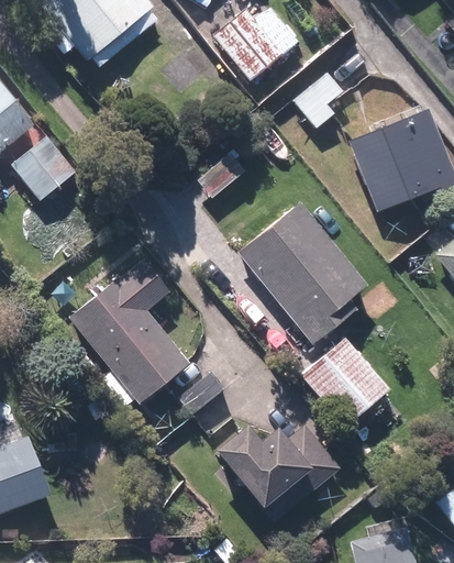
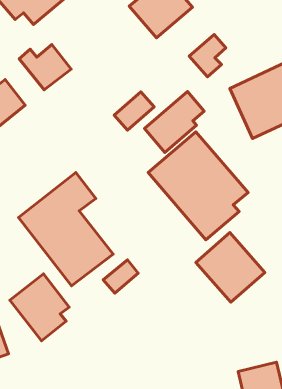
building: none -> [19,45,71,90]
building: none -> [145,91,204,153]
building: none -> [10,274,69,341]
building: [215,421,339,523] -> none

